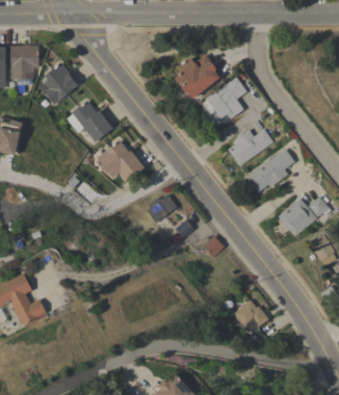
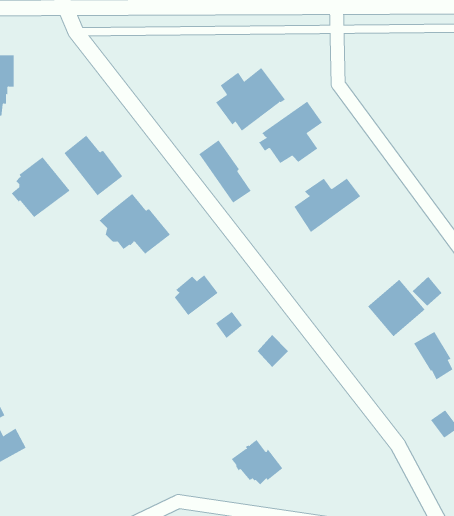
building: [38,62,79,104] -> [11,157,71,218]
building: none -> [198,139,252,204]
building: [246,149,294,193] -> none
building: [233,299,268,331] -> [231,439,283,485]

